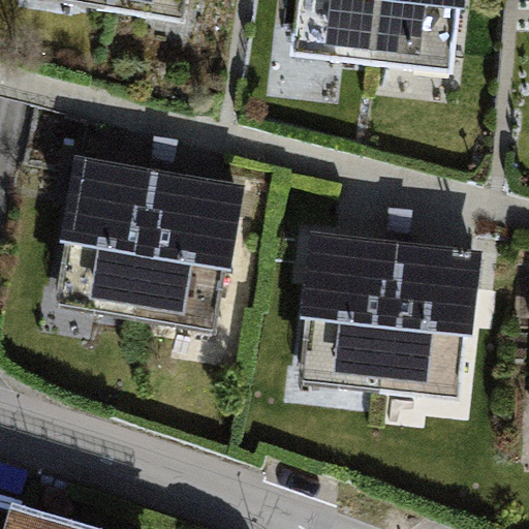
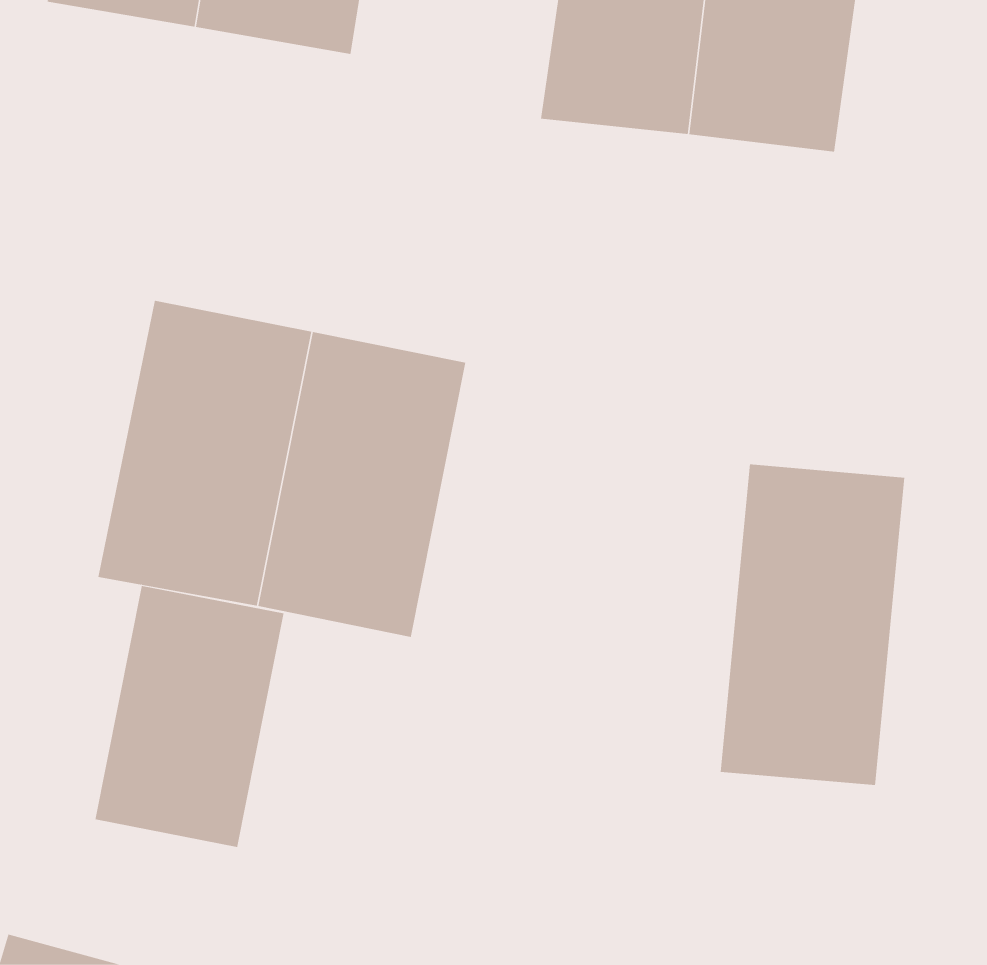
building: [302,238,397,409] -> none
building: none -> [95,585,284,848]

